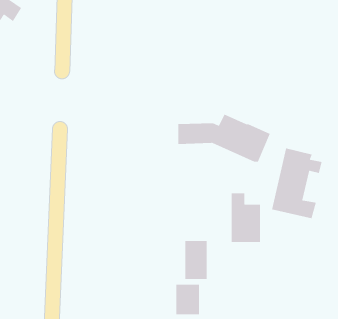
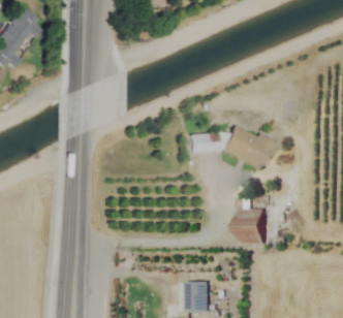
building: [271,148,323,219] -> none
building: [185,240,207,280] -> none

